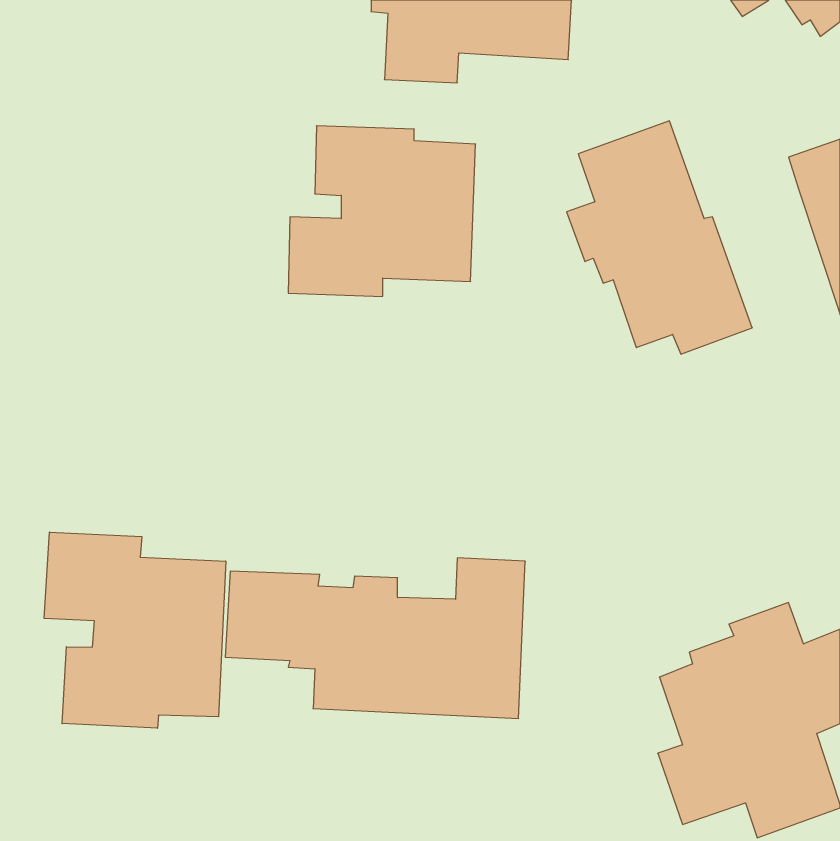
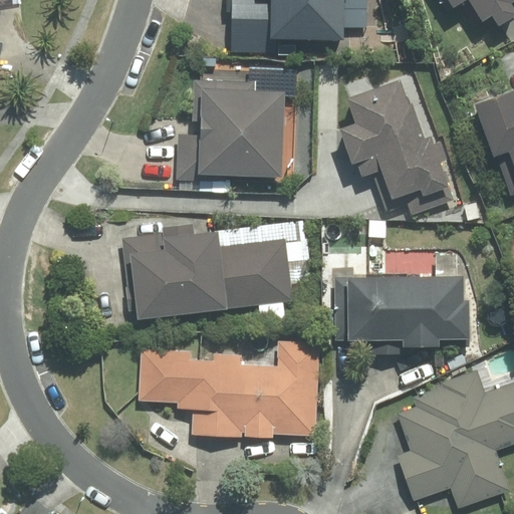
building: none -> [122,230,290,323]
building: none -> [339,276,470,345]
building: [44,532,226,728] -> none

